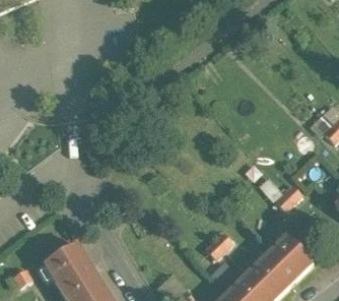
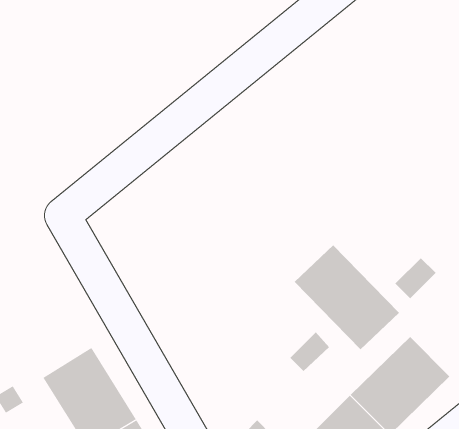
building: none -> [294,244,400,350]

